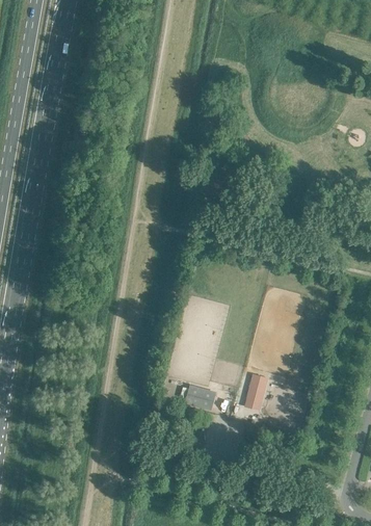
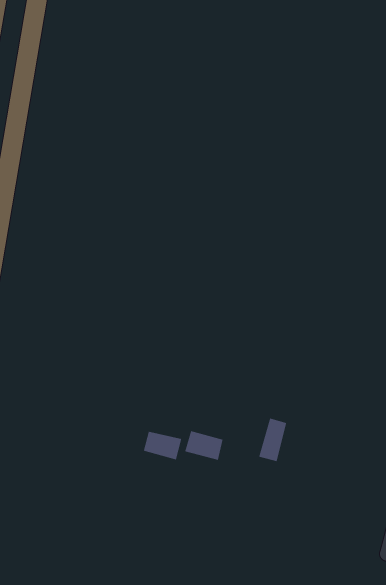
building: none -> [143,431,182,460]

